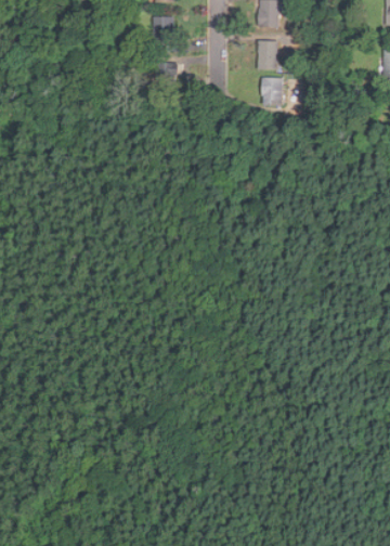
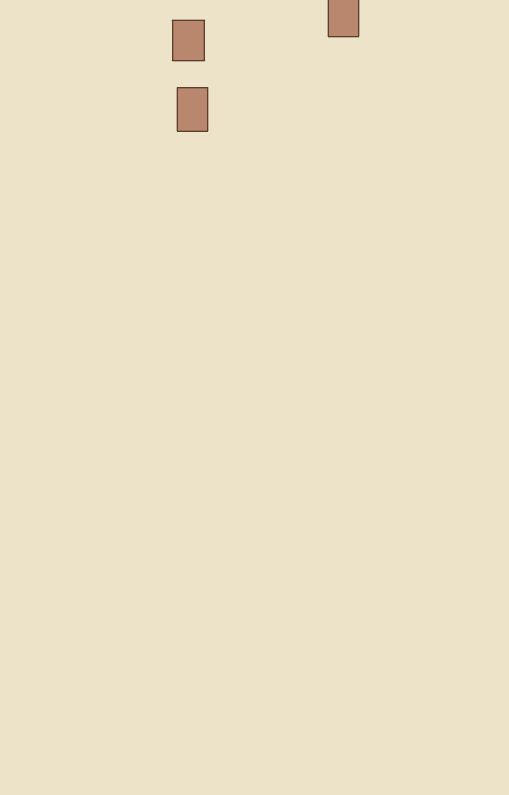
building: [259,41,276,69] -> none
building: [262,77,282,105] -> none

